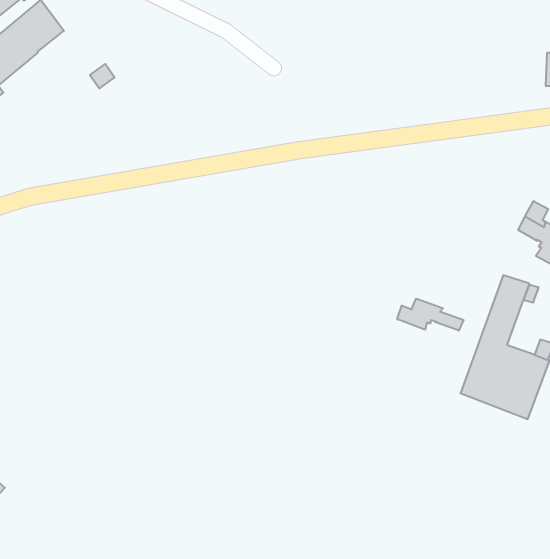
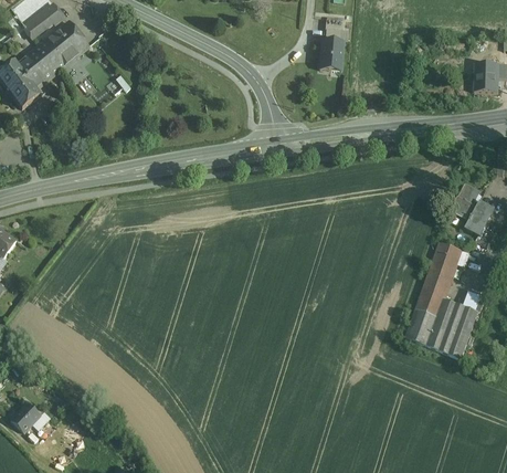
building: none -> [318,38,342,69]
building: [397,299,464,331] -> none

